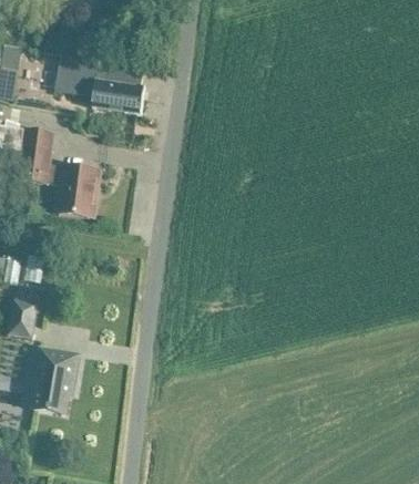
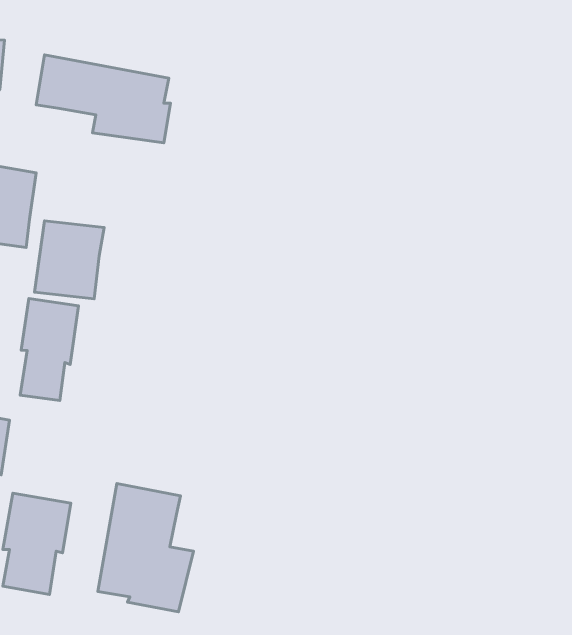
building: none -> [20,299,78,401]
building: none -> [98,484,193,612]

